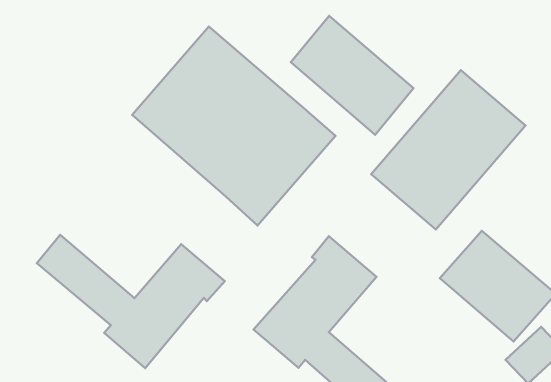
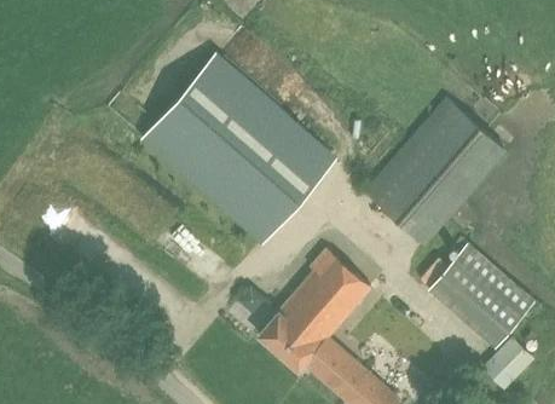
building: [291,16,413,135] -> none
building: [37,235,225,368] -> none

